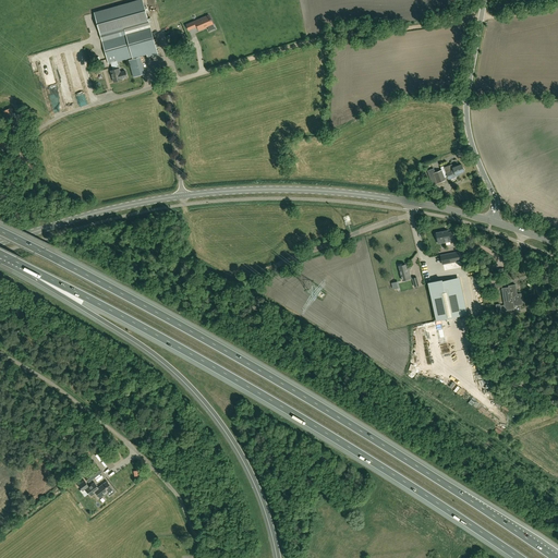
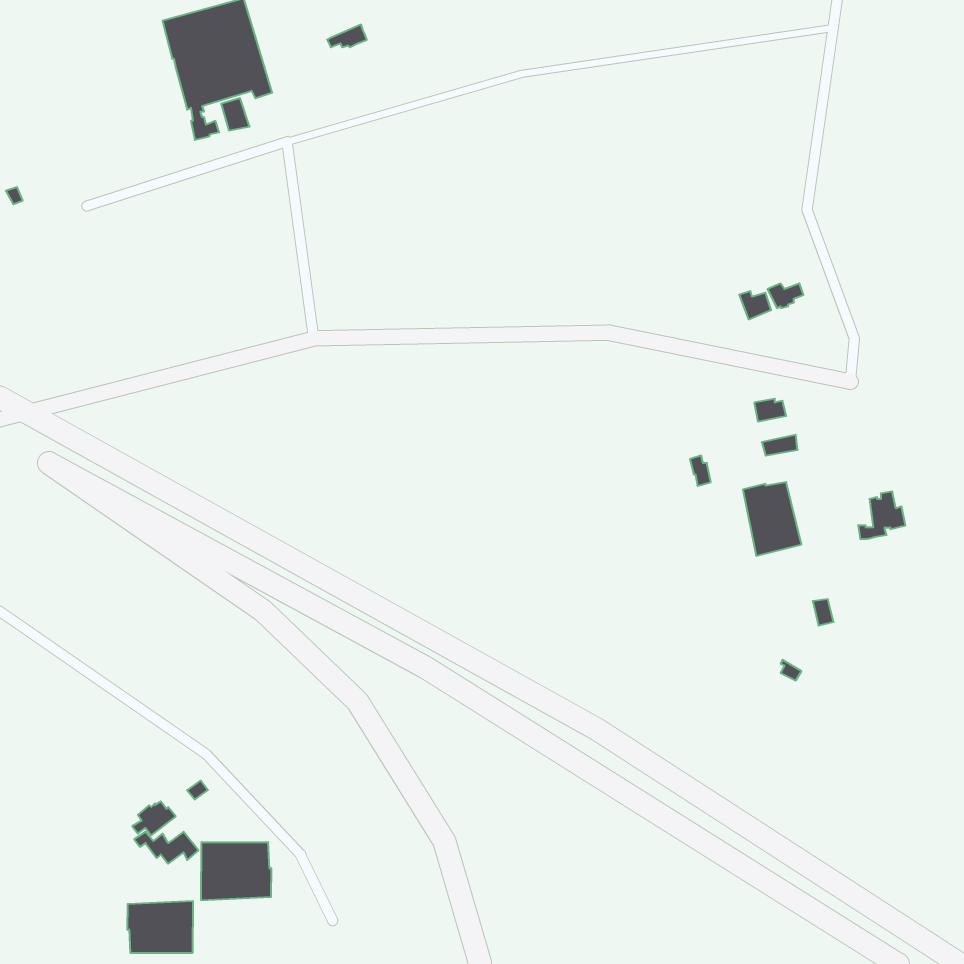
building: none -> [201,842,271,900]
building: none -> [128,901,193,953]

